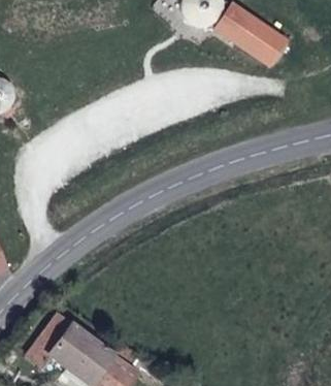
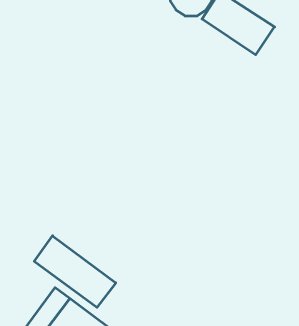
building: none -> [34,236,116,307]

